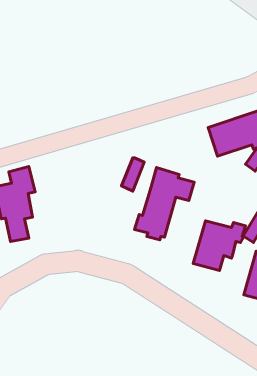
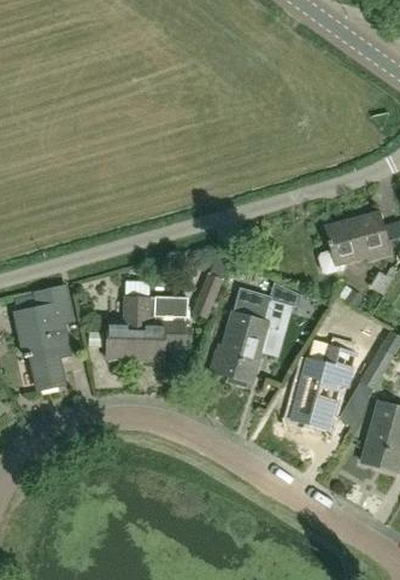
building: none -> [107,297,188,357]

